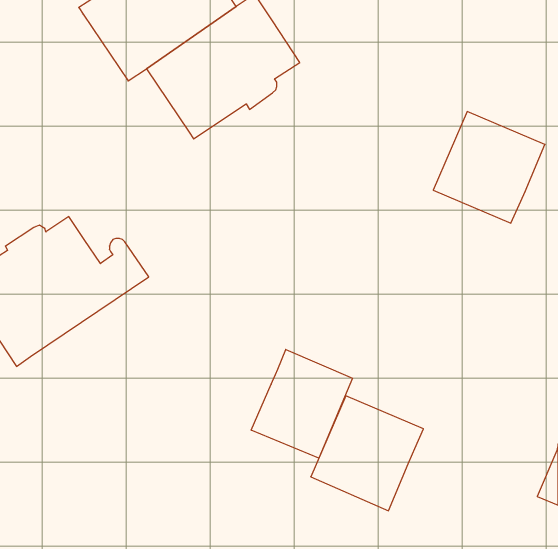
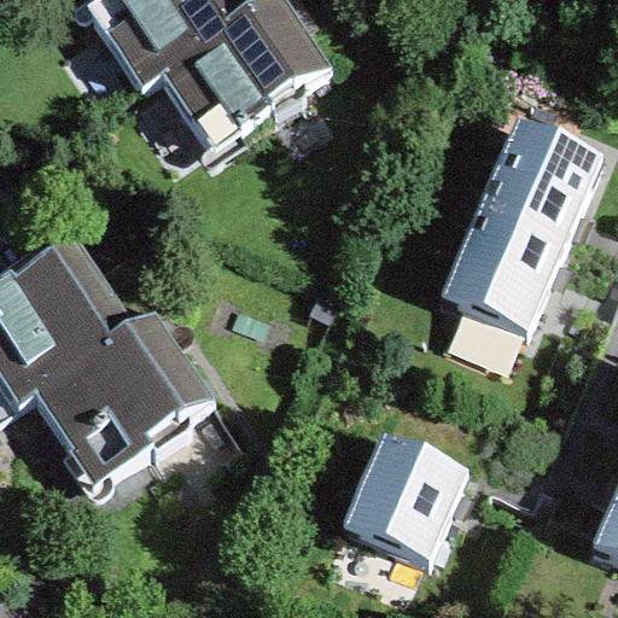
building: none -> [441,210,564,334]
building: none -> [34,305,214,478]
building: [251,349,353,458] -> none

